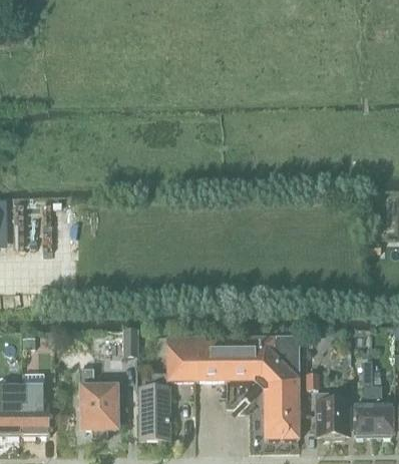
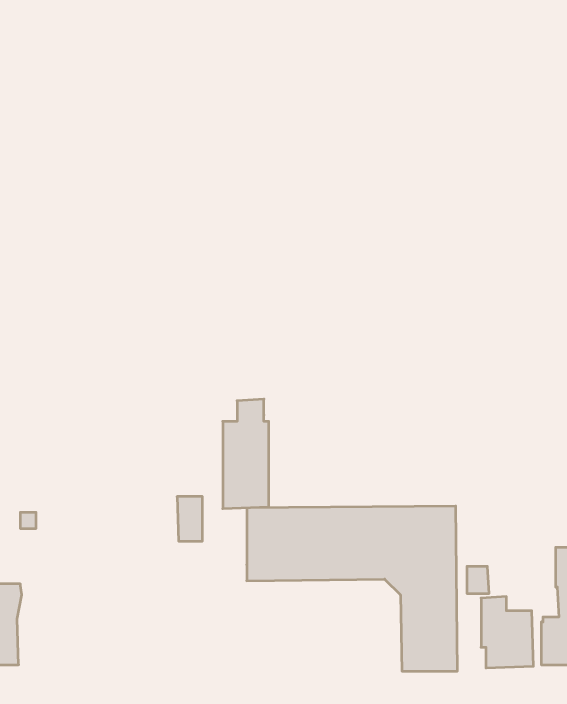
building: [79,368,116,439] -> none
building: [140,372,169,441] -> [223,399,269,509]
building: [21,384,49,435] -> none

